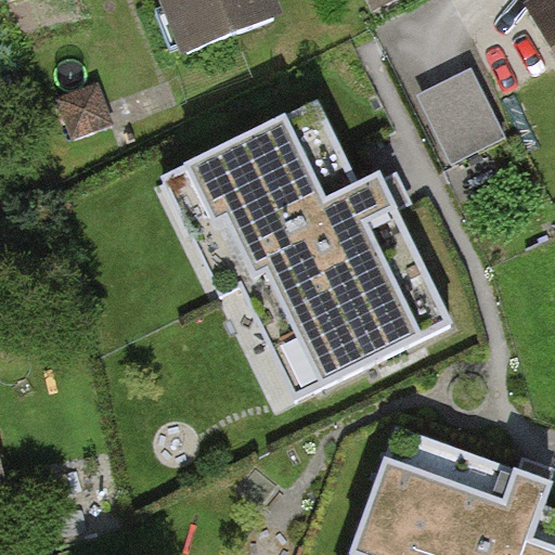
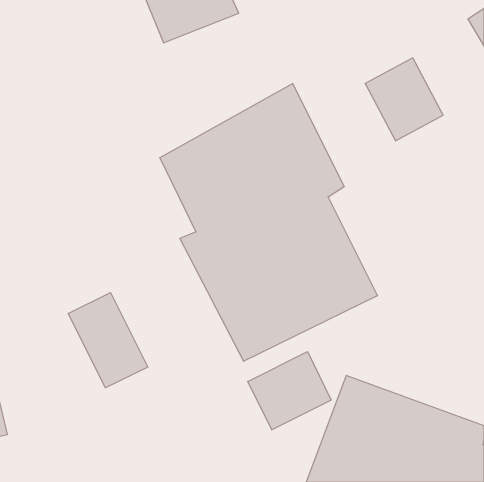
building: none -> [68,293,148,388]
building: none -> [248,352,331,430]

